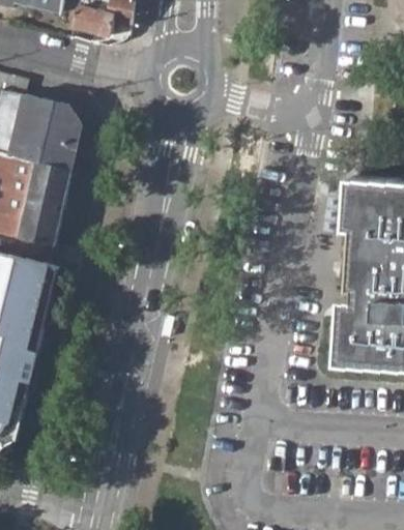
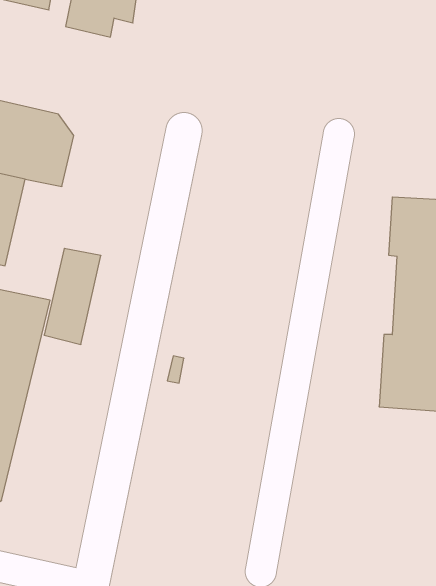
building: [15,161,64,245] -> [44,248,101,344]

